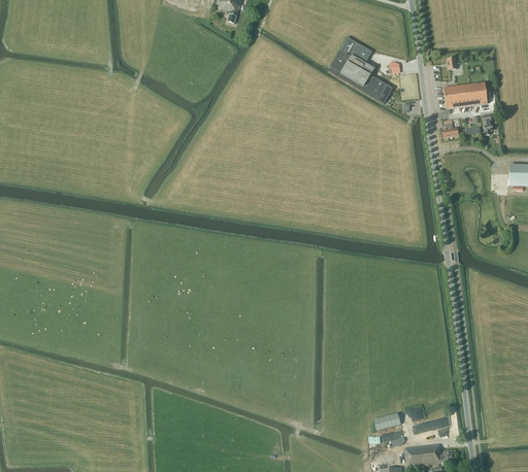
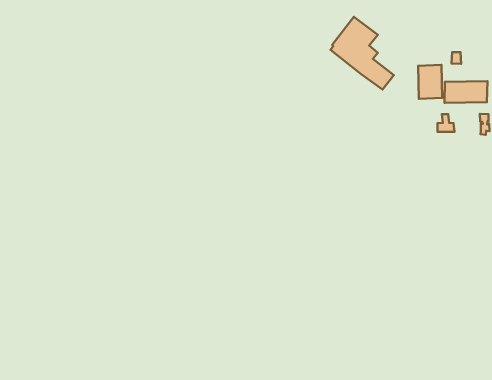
building: none -> [418,65,442,99]

